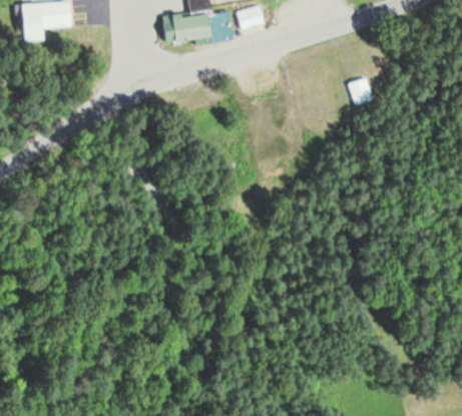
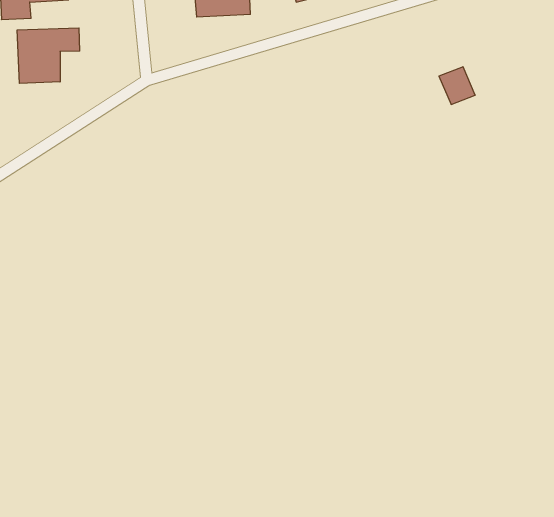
building: none -> [17,28,80,83]

